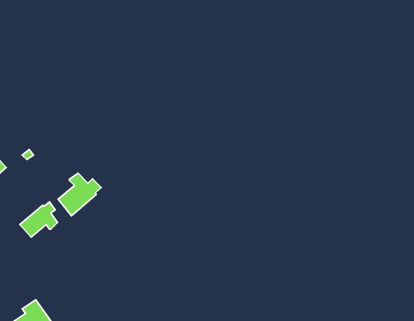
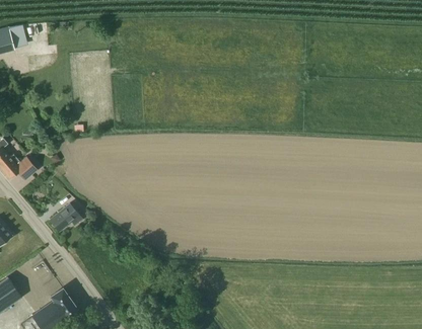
building: [58,173,101,216] -> none

